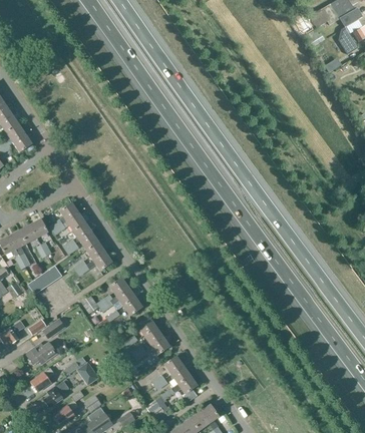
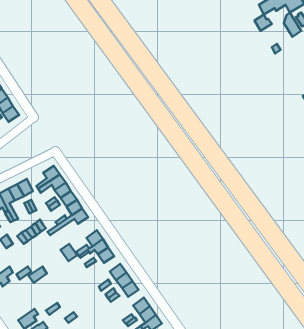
building: [25,342,55,364] -> none

